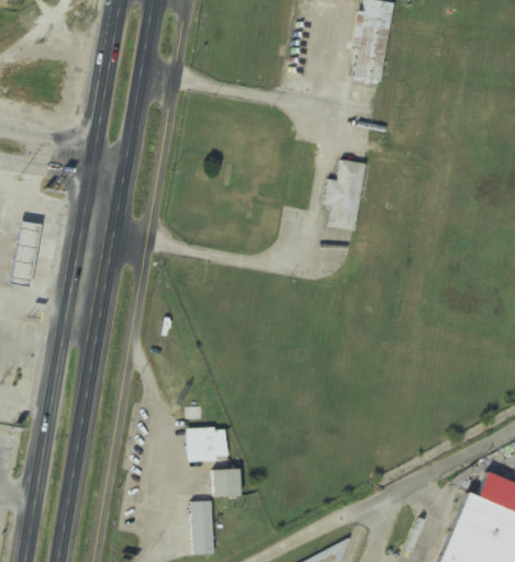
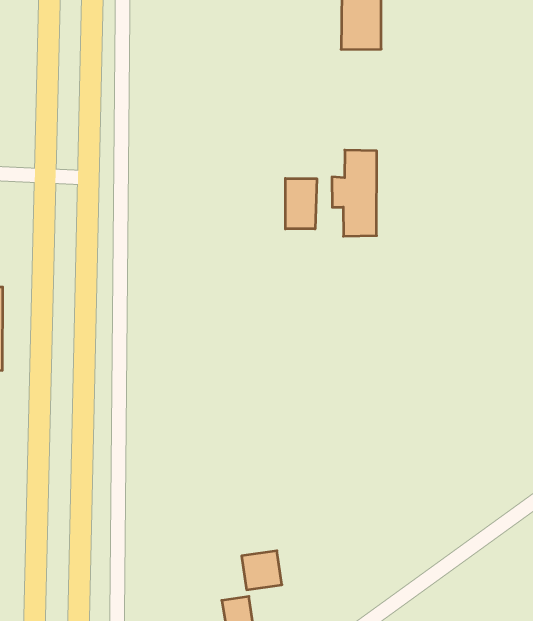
building: none -> [285,178,317,229]
building: [186,428,226,461] -> none

